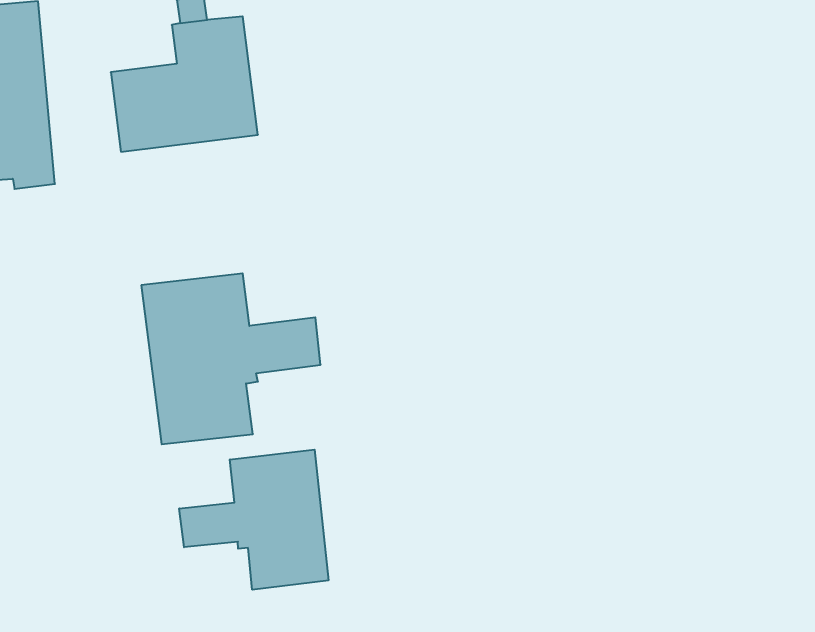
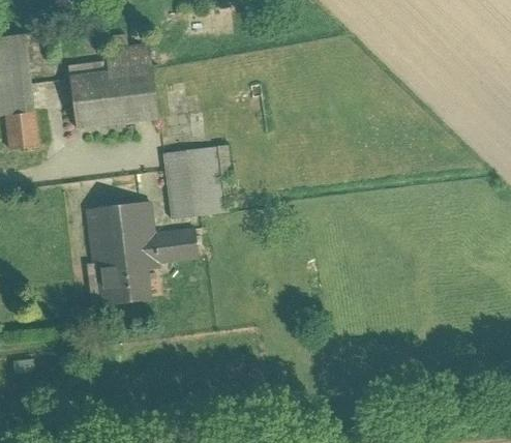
building: none -> [162,145,228,217]
building: [179,450,328,590] -> none

